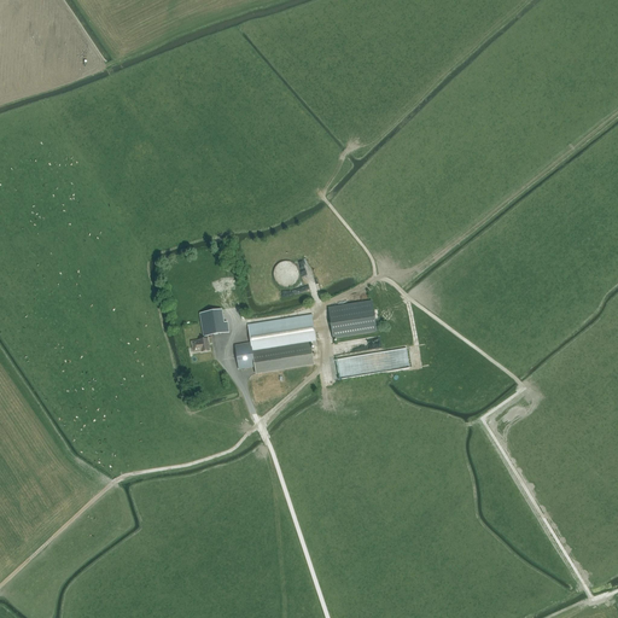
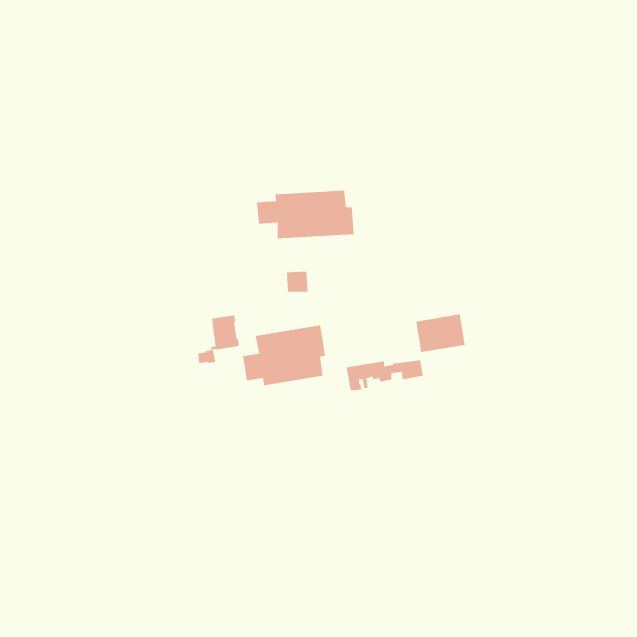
building: none -> [257,190,354,239]
building: [327,301,375,338] -> [415,314,465,353]

